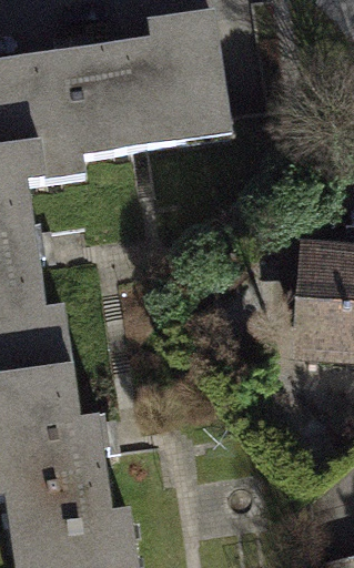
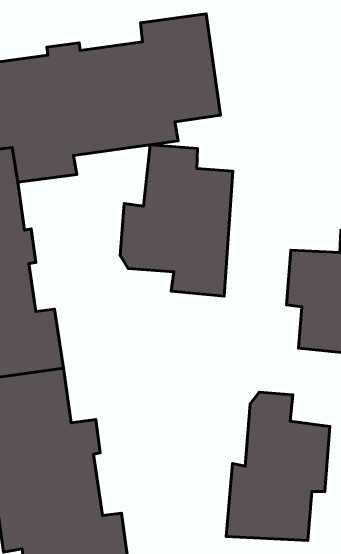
building: none -> [120,145,233,296]
building: none -> [226,392,330,541]

